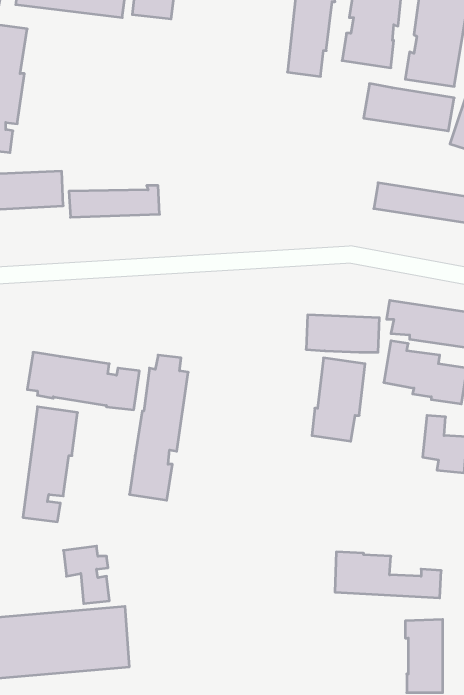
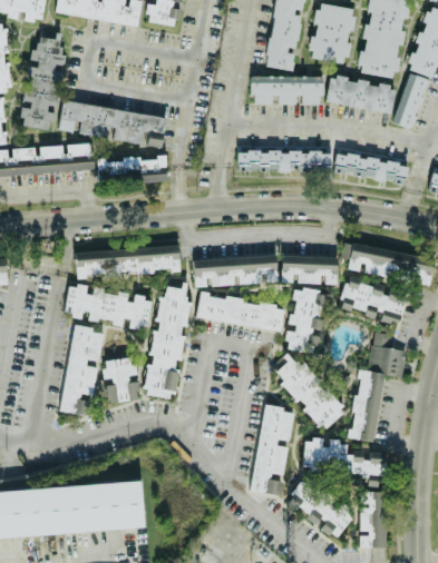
building: none -> [252,76,323,105]
building: none -> [58,100,166,147]
building: none -> [237,151,331,171]
building: none -> [76,246,179,276]
building: none -> [193,255,278,287]
building: none -> [196,294,284,330]
building: none -> [270,353,345,429]
building: none -> [347,369,383,441]
building: none -> [251,405,294,495]
building: [63,546,109,604] -> [103,357,138,402]
building: none -> [290,476,354,539]

